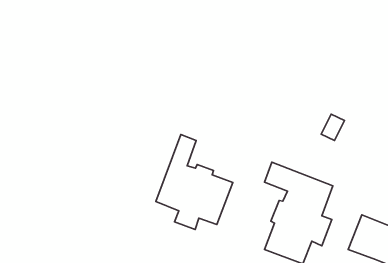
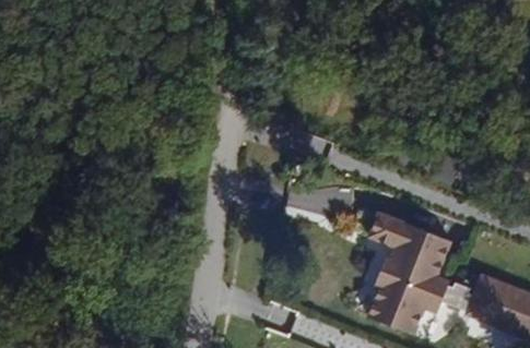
building: [156,134,233,230] -> none

